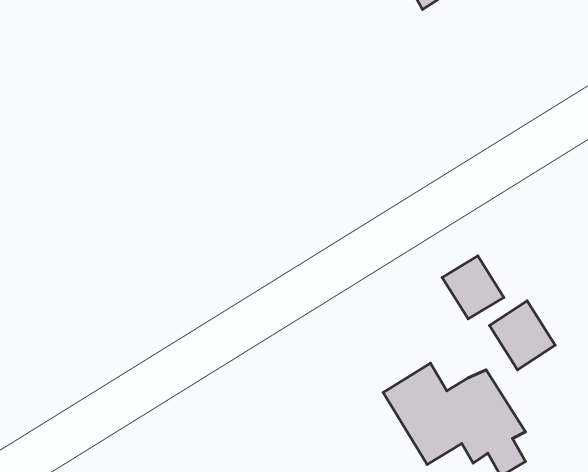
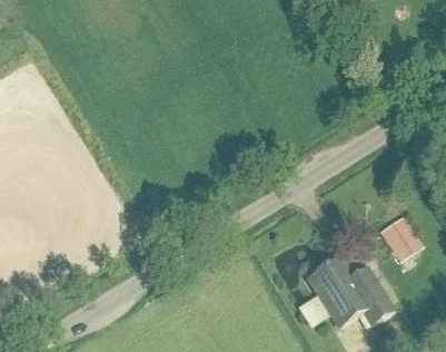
building: [442,256,504,319] -> none

